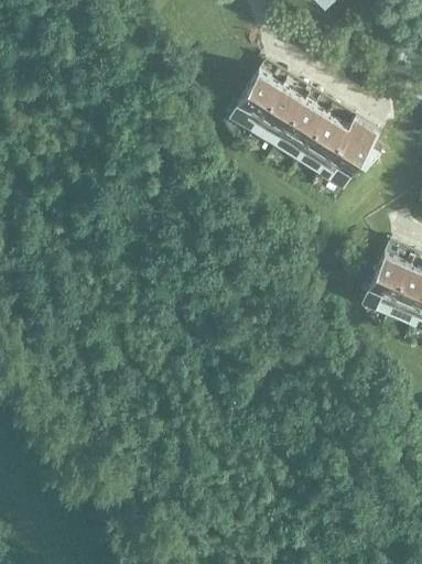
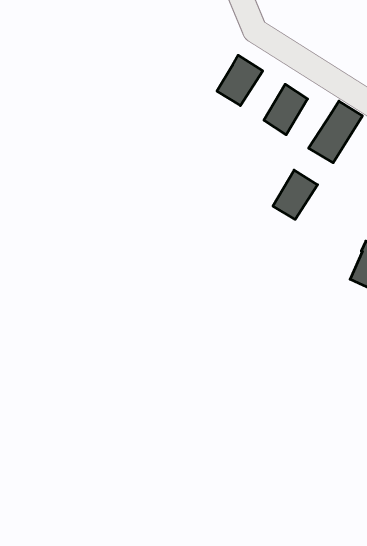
building: [258,93,302,141] -> none
building: [303,120,347,169] -> [273,170,318,219]

